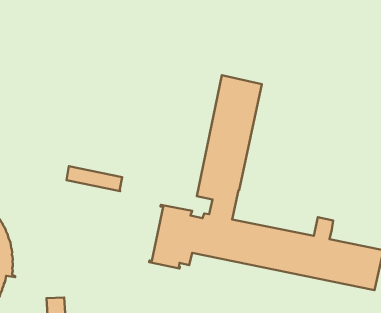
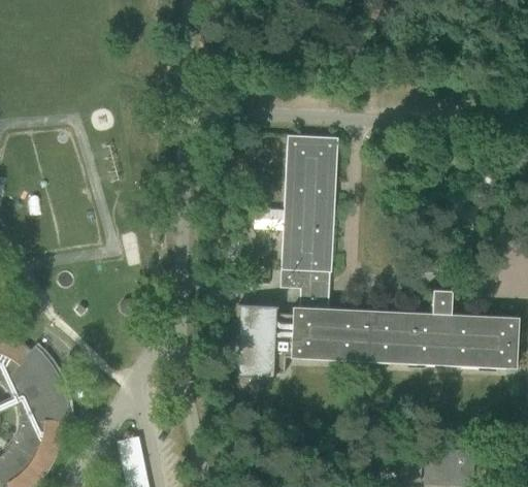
building: [66,166,122,191] -> none

